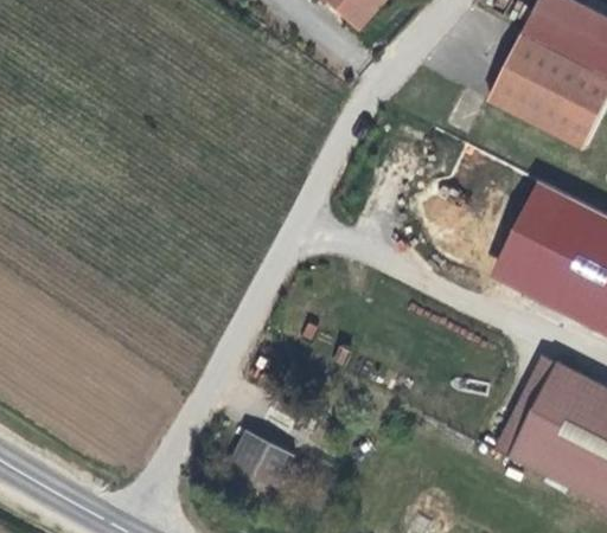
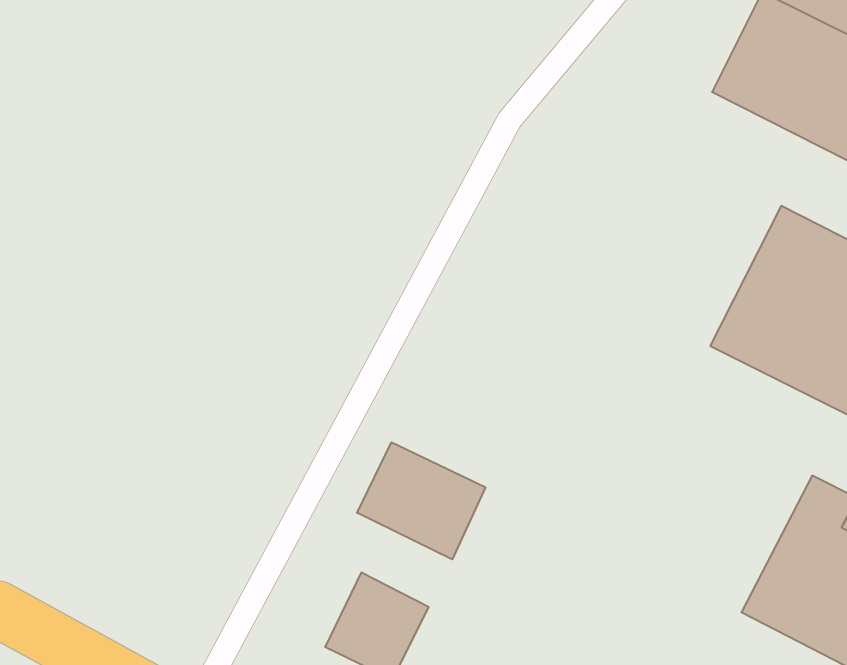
building: none -> [357,442,485,559]

